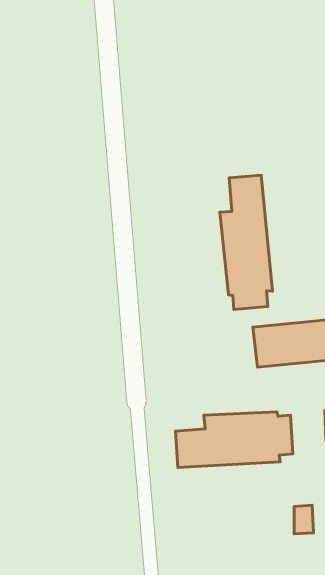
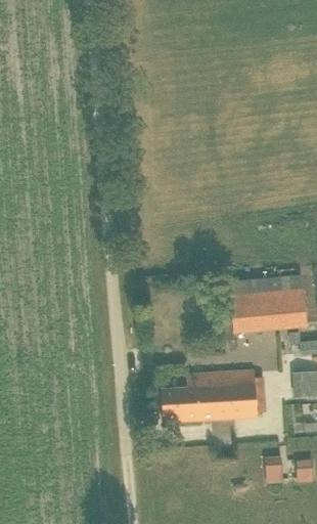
building: [220,175,273,310] -> none

